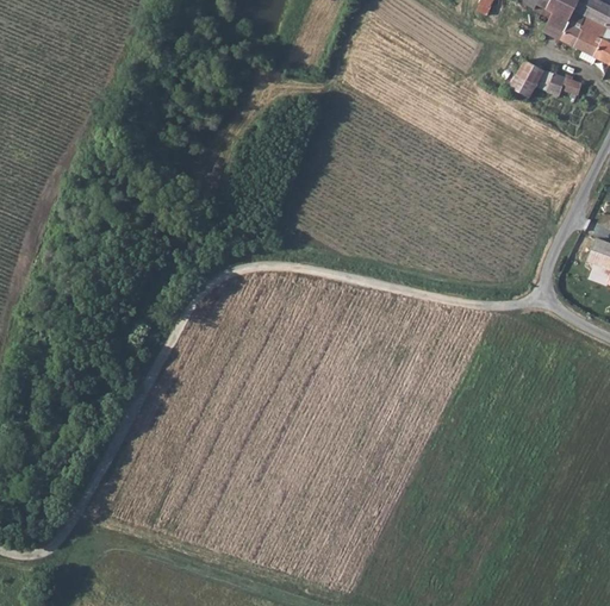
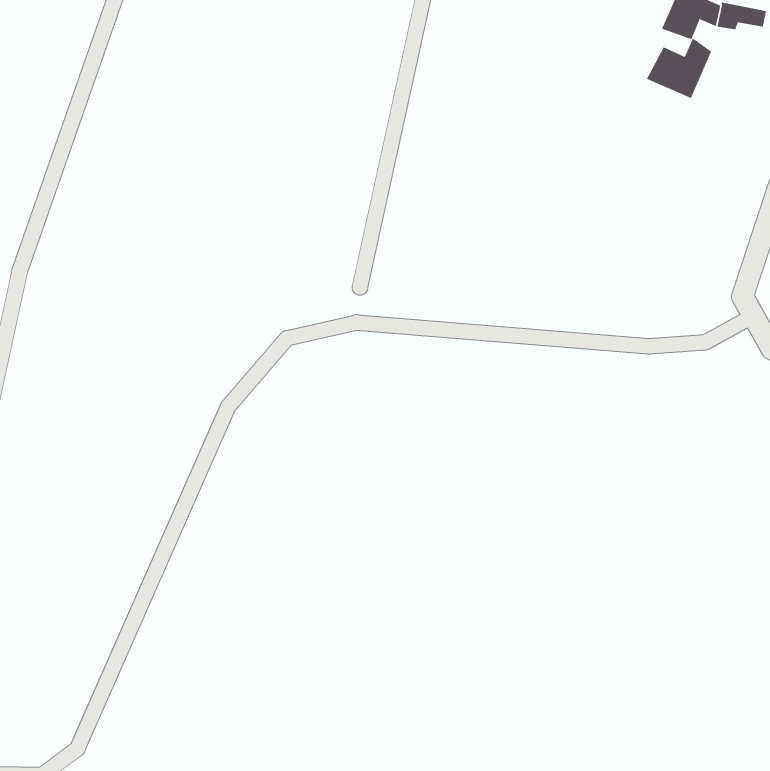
building: none -> [646,38,712,99]

